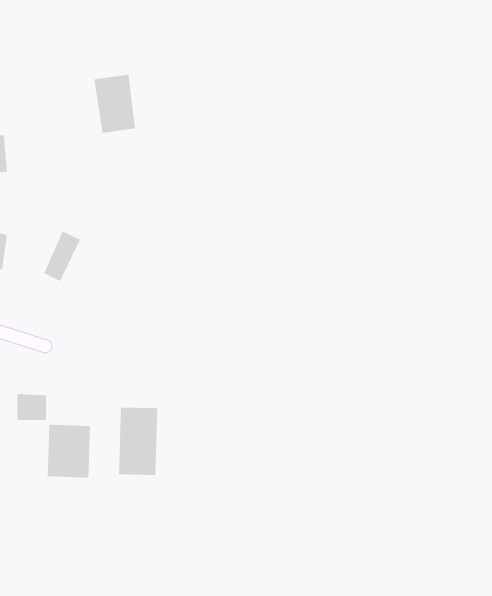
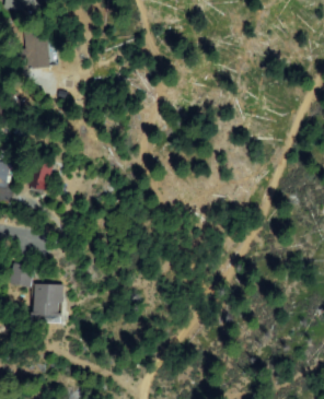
building: [93,74,136,134] -> [22,31,49,69]
building: [118,407,158,476] -> none

